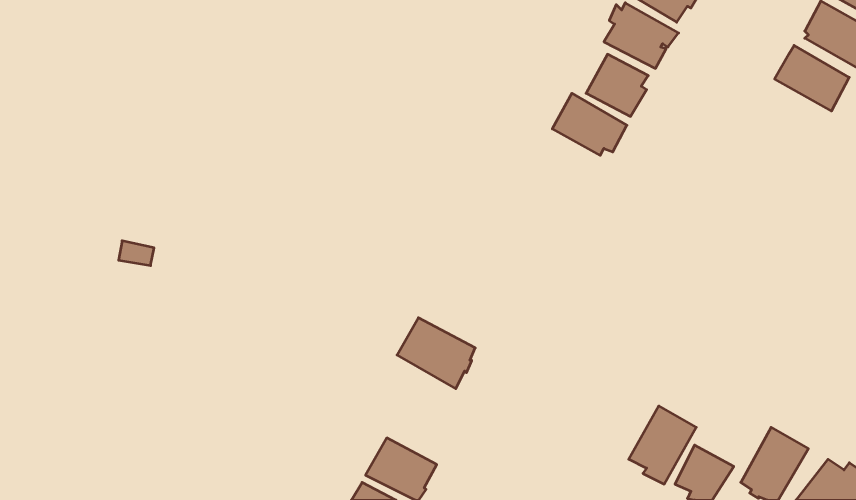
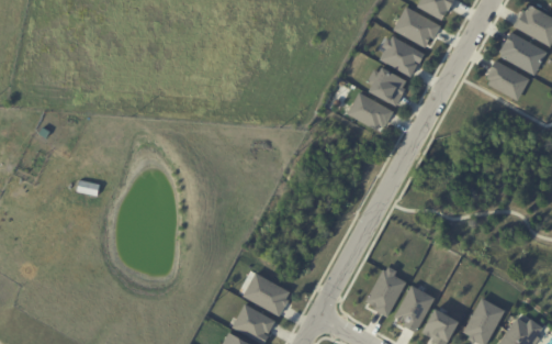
building: [397,318,475,389] -> [243,271,291,315]
building: none -> [364,266,406,317]

